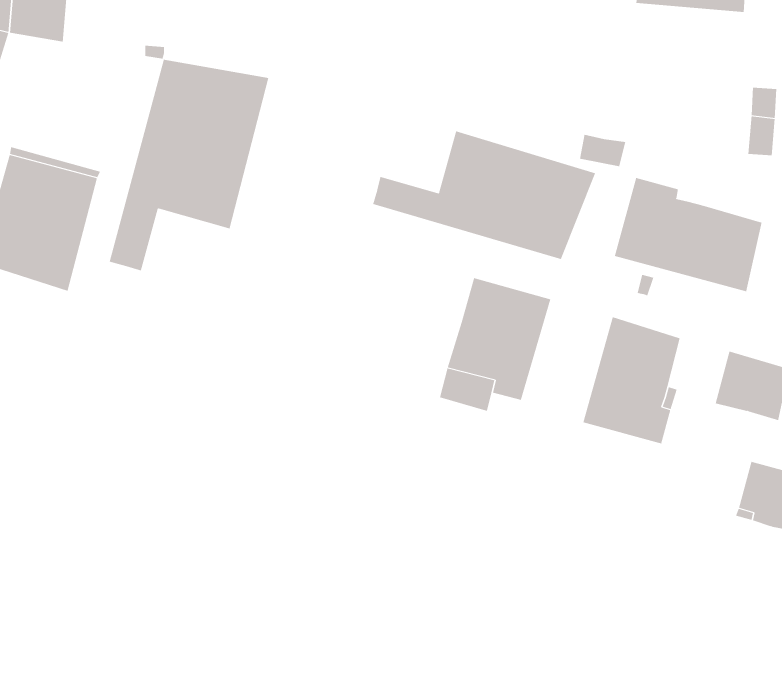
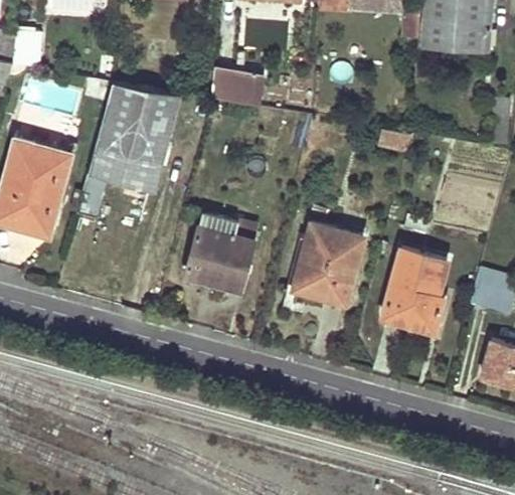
building: none -> [212,69,261,107]
building: [372,130,596,260] -> none
building: [614,177,762,292] -> none
building: none -> [188,212,259,288]

